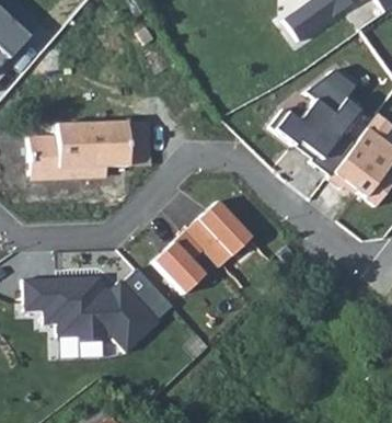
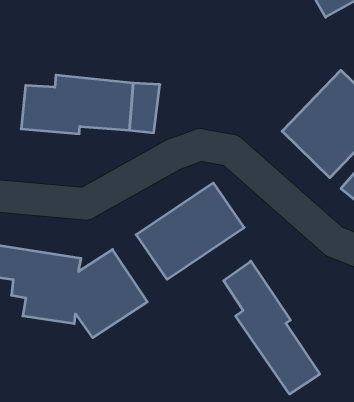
building: none -> [224,261,320,394]

